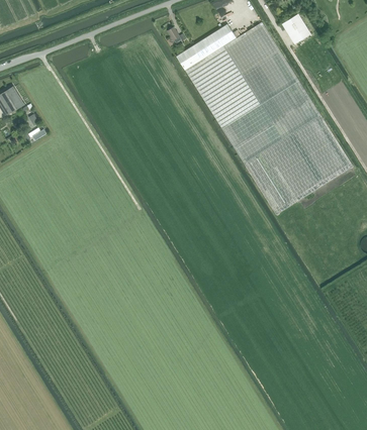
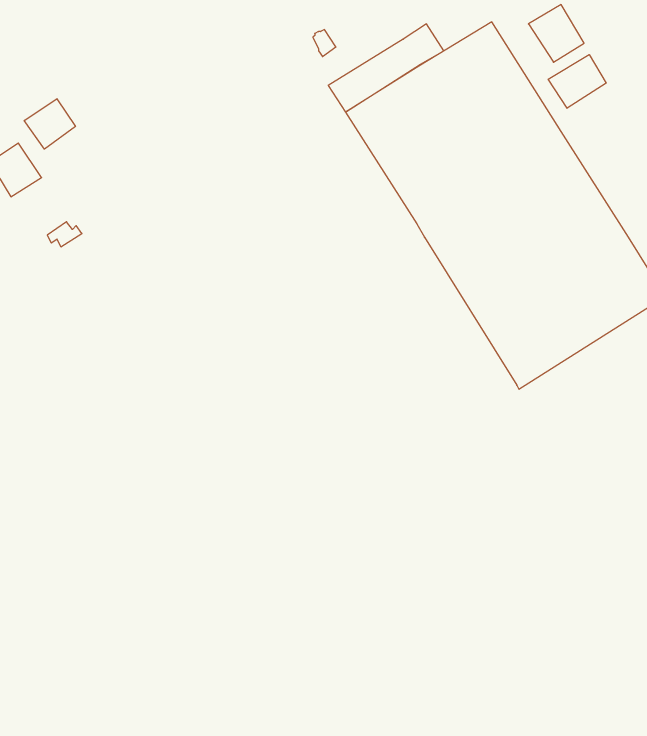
building: none -> [548,55,606,108]
building: none -> [24,99,75,149]

